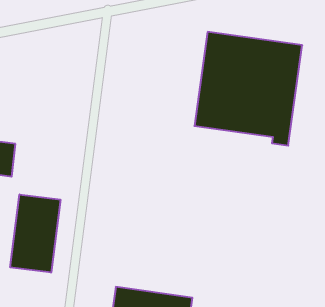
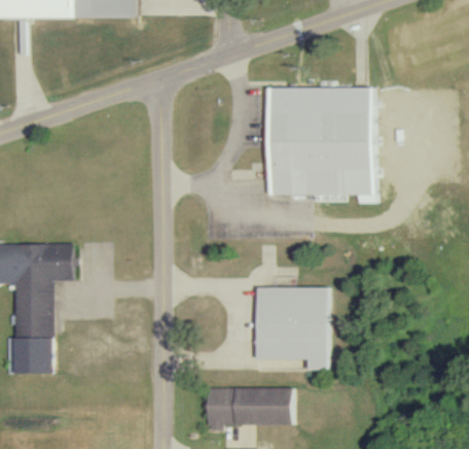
building: [10,194,60,273] -> none
building: none -> [254,287,326,370]

